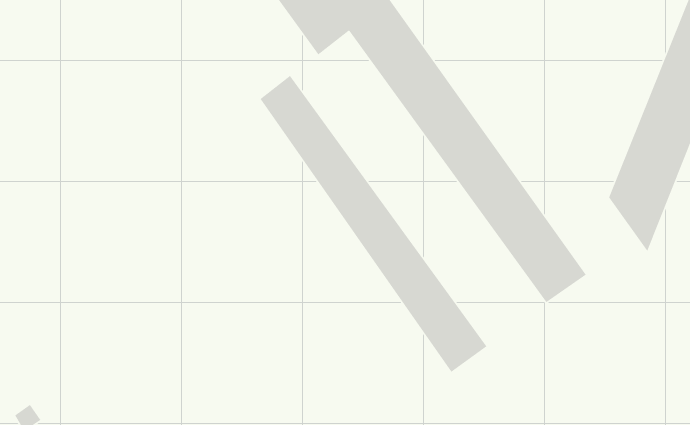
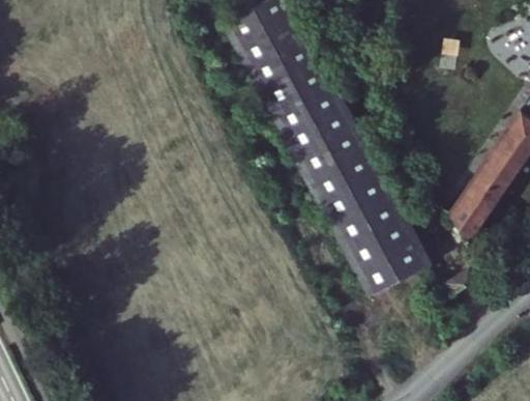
building: [260,75,488,373] -> [262,76,395,299]

